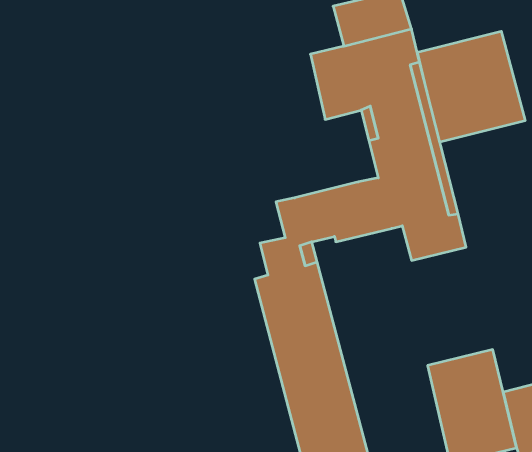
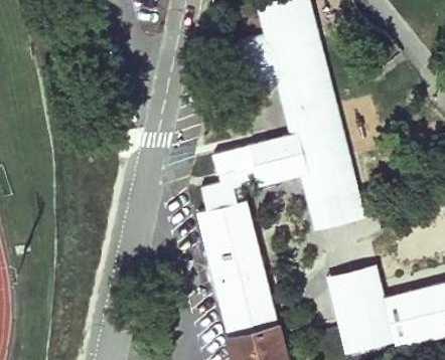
building: [418,31,525,142] -> none
building: none -> [300,173,363,230]

